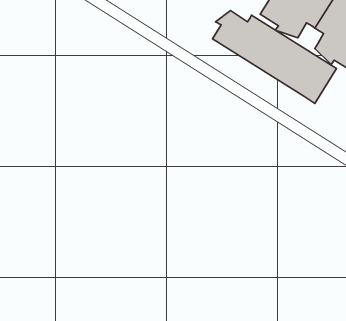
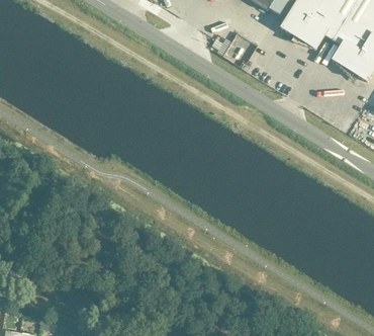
building: [213,10,337,103] -> none

